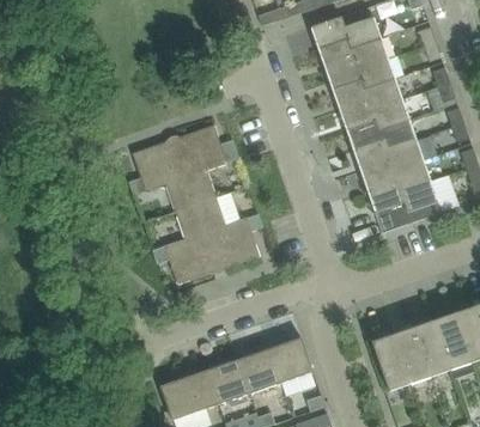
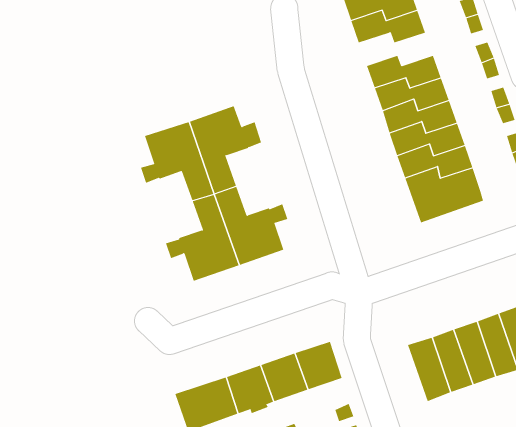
building: [327,59,395,89] -> none

